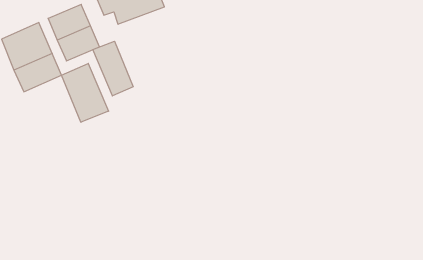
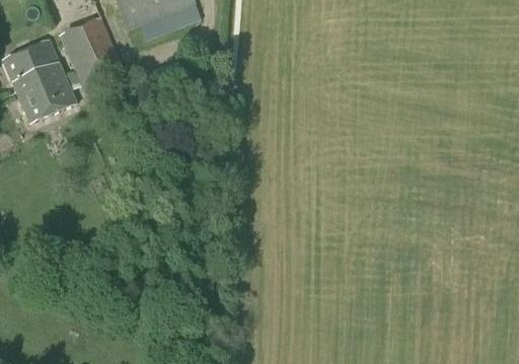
building: [93,41,133,96] -> none
building: [61,63,109,122] -> none

